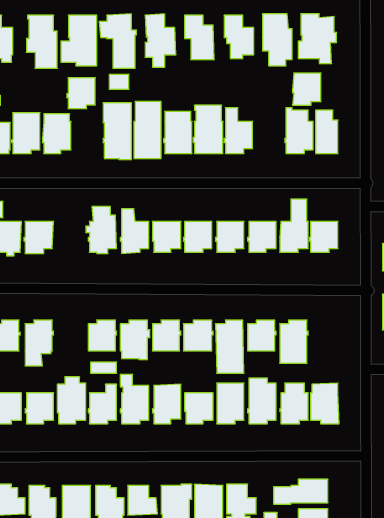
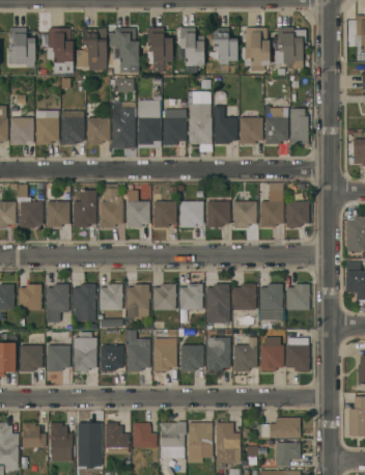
building: [292,73,321,105] -> [238,117,262,144]
building: [67,78,95,109] -> [85,118,109,144]
building: none -> [72,190,95,227]
building: none -> [72,284,95,324]
building: none -> [286,284,310,310]

